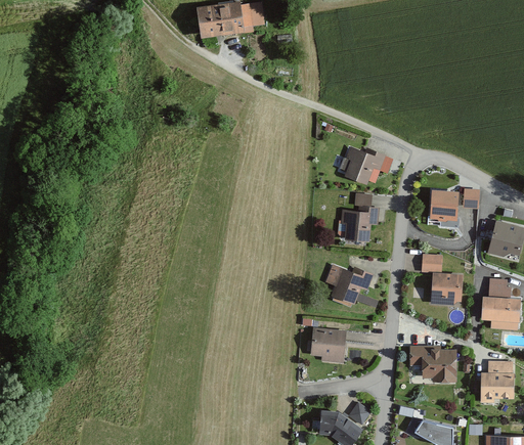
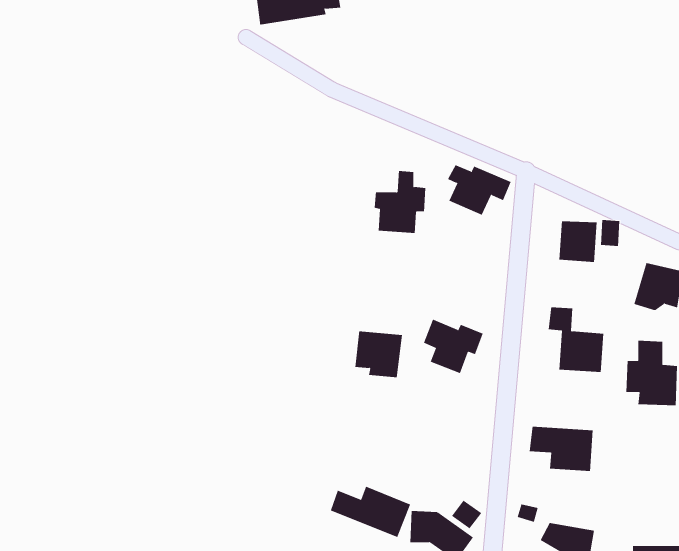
building: [340,194,380,242] -> [374,170,426,233]
building: [310,327,347,363] -> [355,331,403,378]
building: [481,361,512,403] -> none
building: none -> [330,486,411,538]

